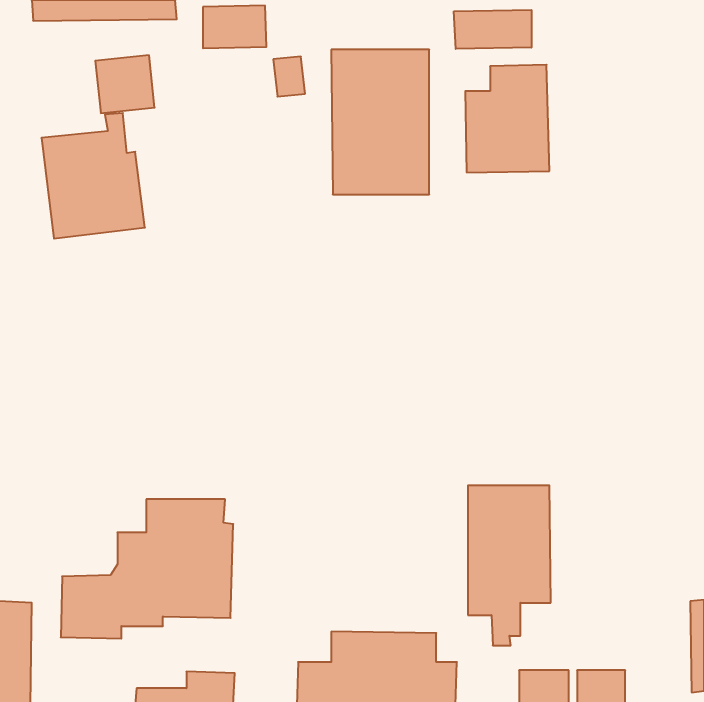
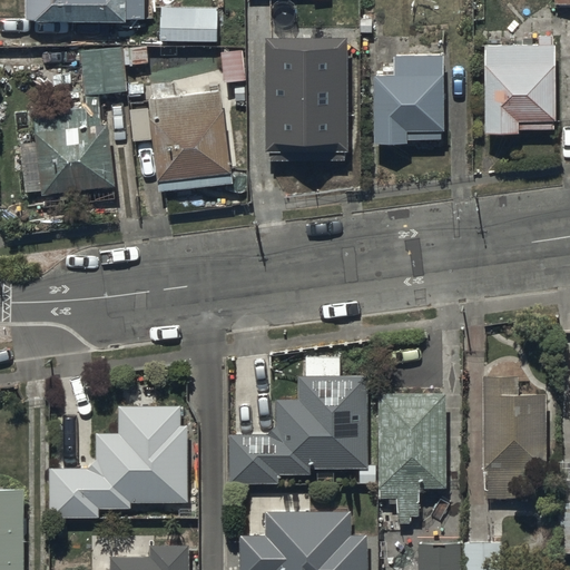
building: [454,10,531,49] -> none
building: none -> [485,36,553,135]
building: none -> [149,91,234,189]
building: none -> [229,355,374,484]
building: none -> [482,375,546,498]

